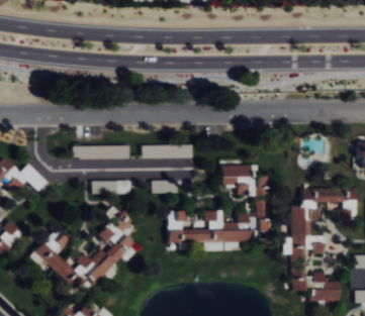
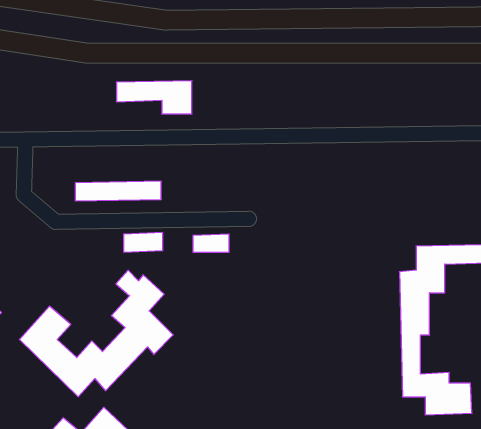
building: [143,144,193,167] -> [116,81,192,114]
building: [165,164,270,251] -> none

